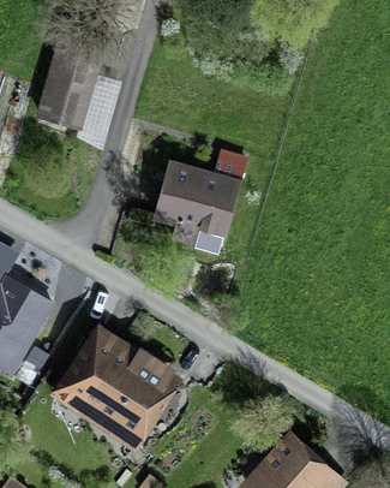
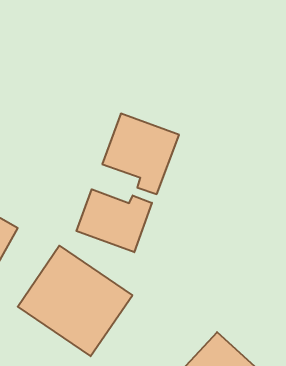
building: [37,30,108,130] -> none
building: none -> [76,189,152,252]

